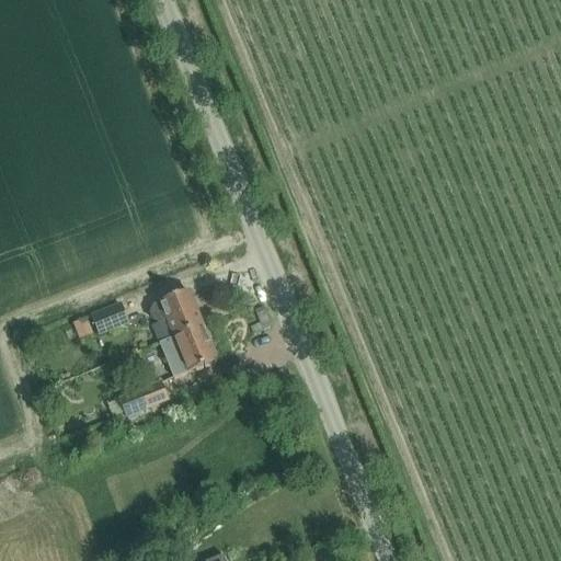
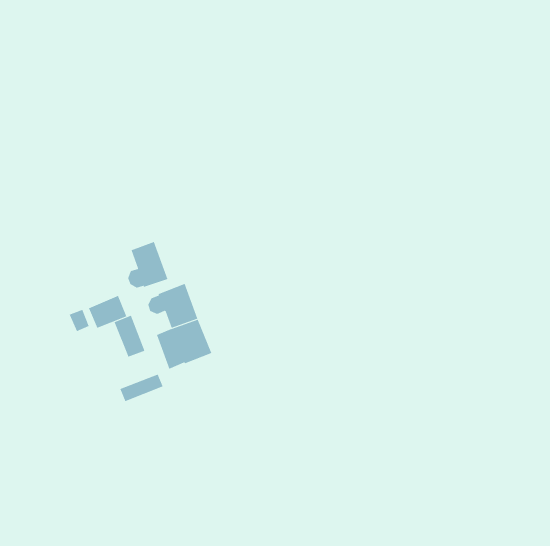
building: none -> [128,241,168,288]
building: none -> [114,315,145,358]

